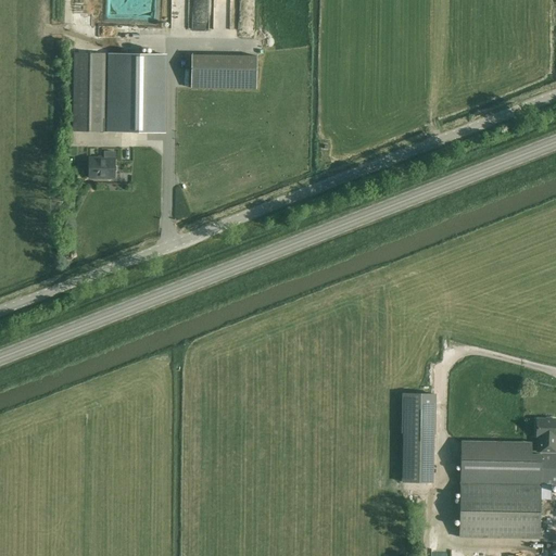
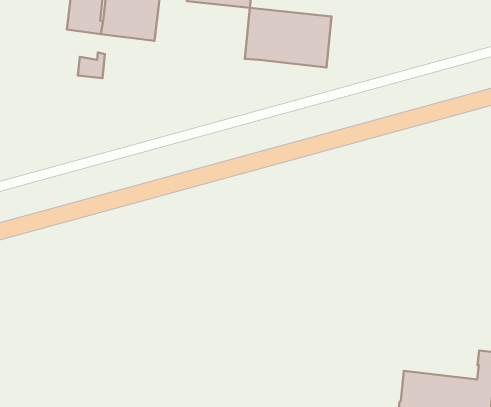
building: none -> [245,8,332,68]
building: [402,392,437,481] -> none

